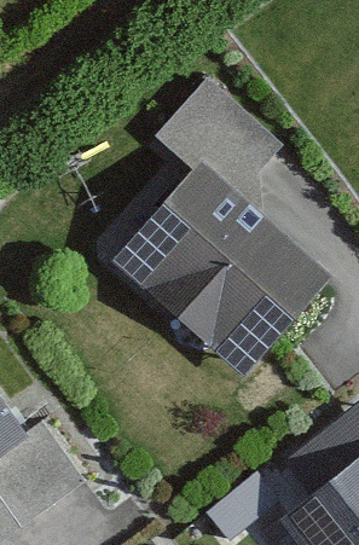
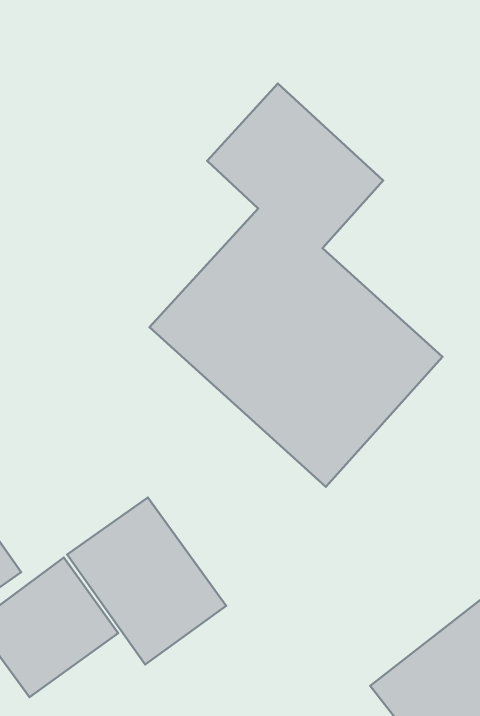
building: none -> [67,498,226,665]

